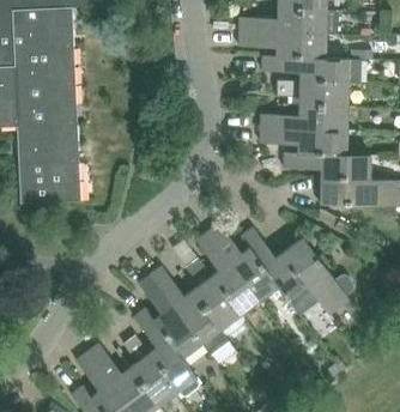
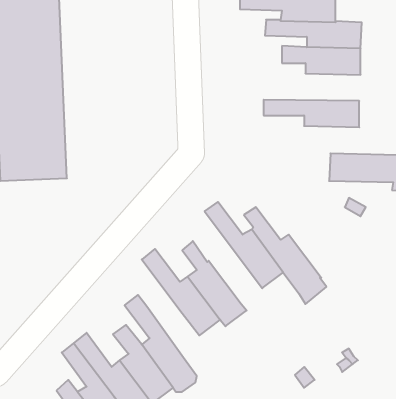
building: [260,105,349,131] -> none
building: [283,153,371,180] -> none
building: [195,231,259,316] -> none
building: [283,237,350,316] -> none
building: [138,275,206,365] -> none

